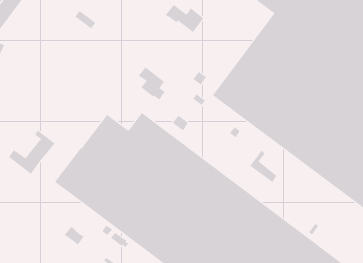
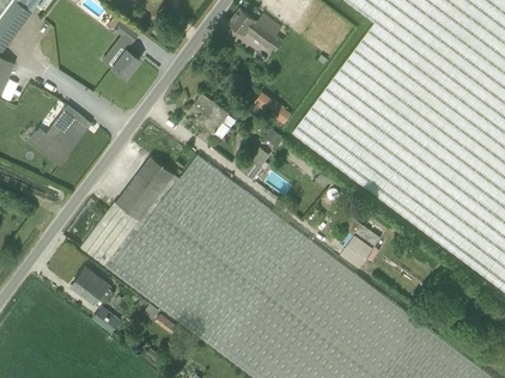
building: none -> [102,49,140,79]
building: [8,130,55,175] -> [28,105,91,165]
building: none -> [72,268,112,307]

